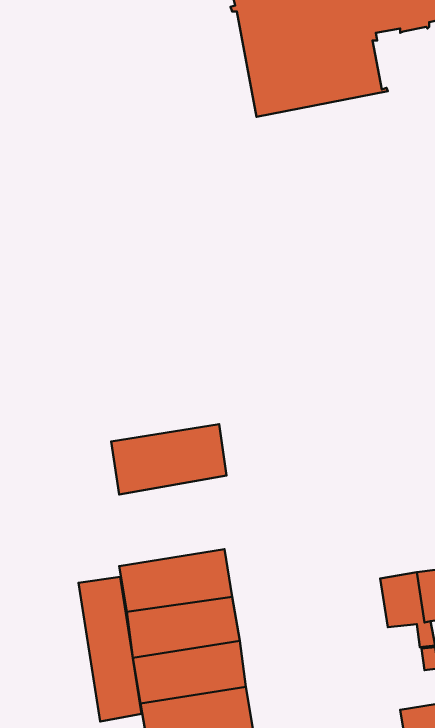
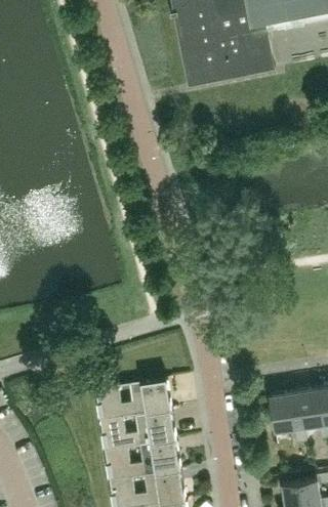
building: [111,424,227,495] -> none
building: [78,577,142,722] -> none

